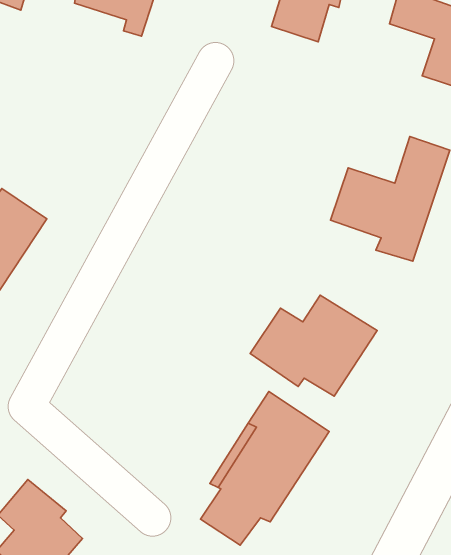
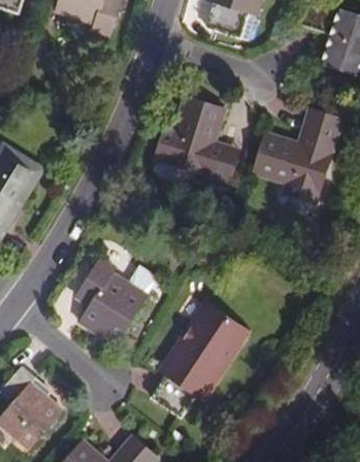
building: none -> [152,93,235,179]
building: [250,295,377,396] -> none
building: none -> [80,264,143,342]

